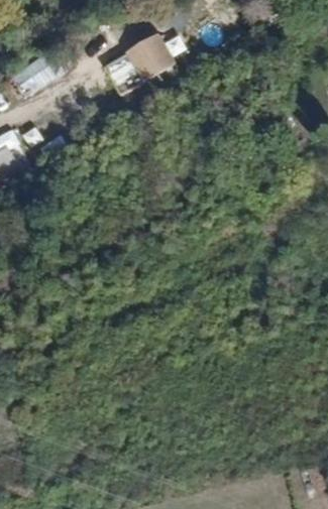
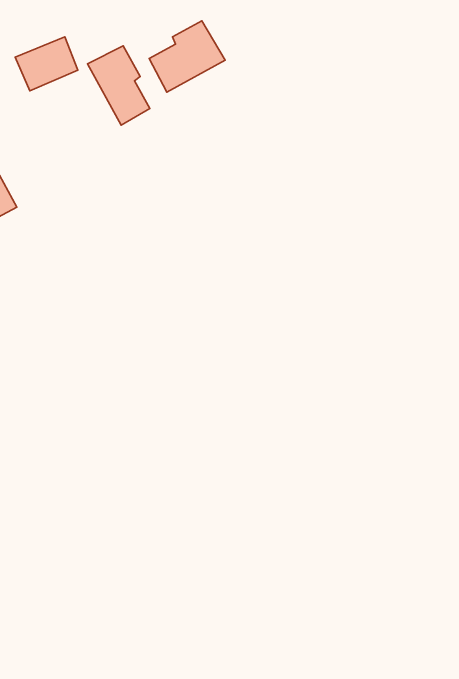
building: none -> [88,46,150,125]

